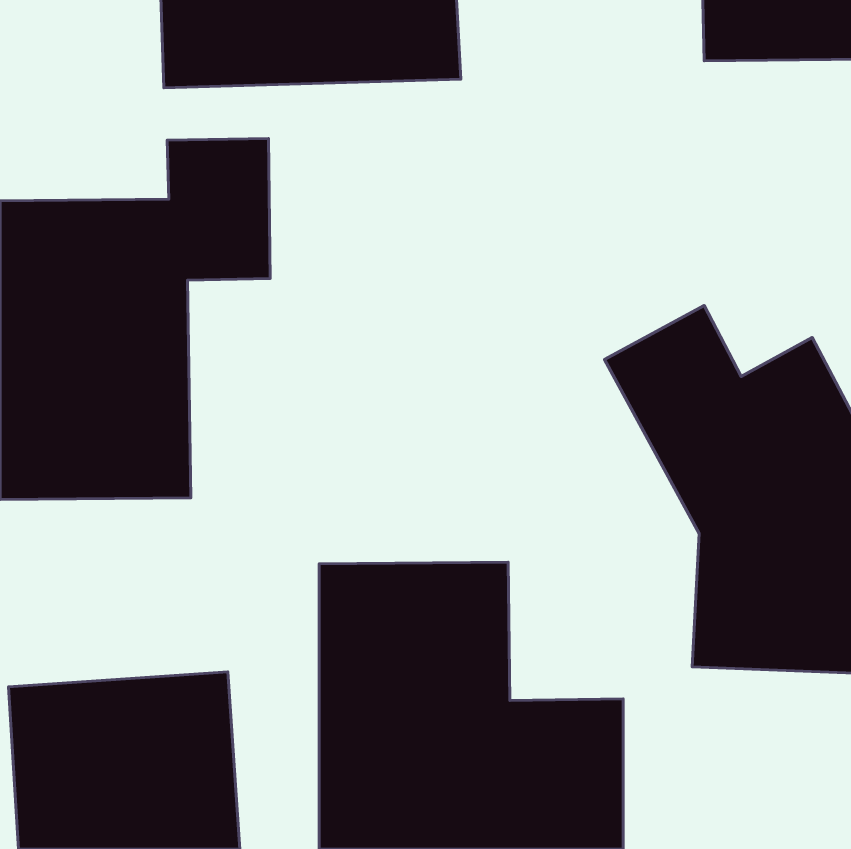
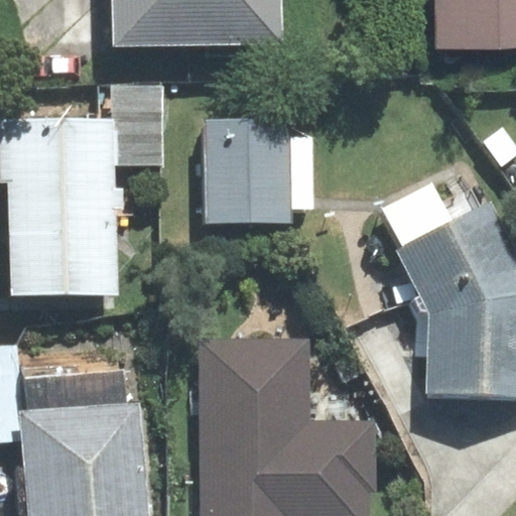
building: none -> [198,118,317,227]

